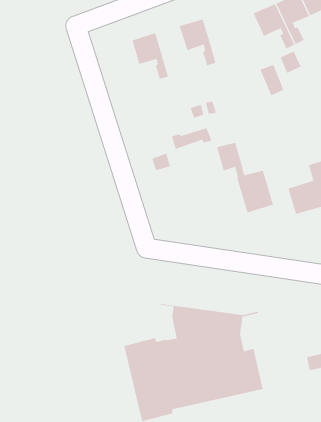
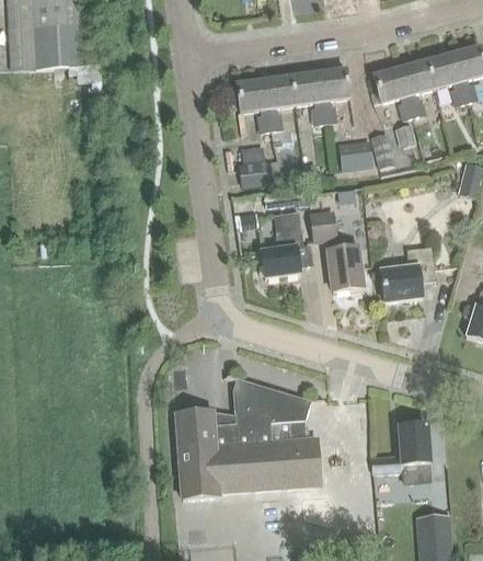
building: none -> [318,68,348,123]
building: none -> [264,76,295,129]
building: none -> [338,138,372,169]
building: none -> [239,160,273,185]
building: none -> [260,210,302,277]

